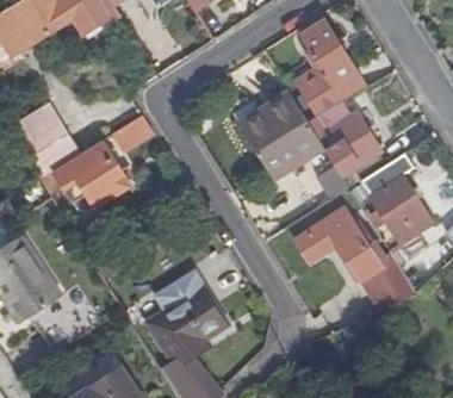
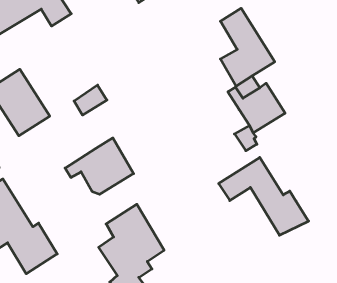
building: [241,93,323,178] -> none
building: [43,141,130,212] -> [65,138,134,194]
building: [370,174,433,262] -> none

